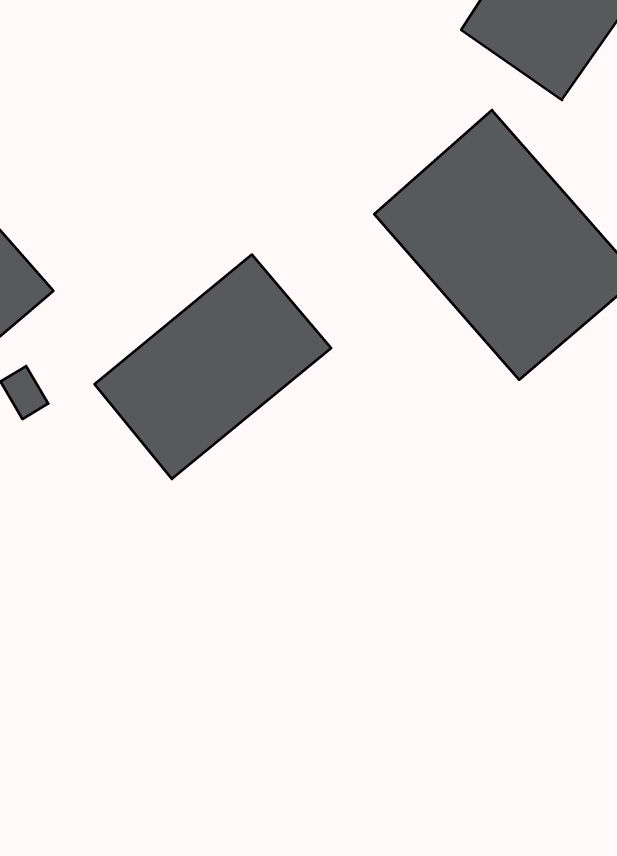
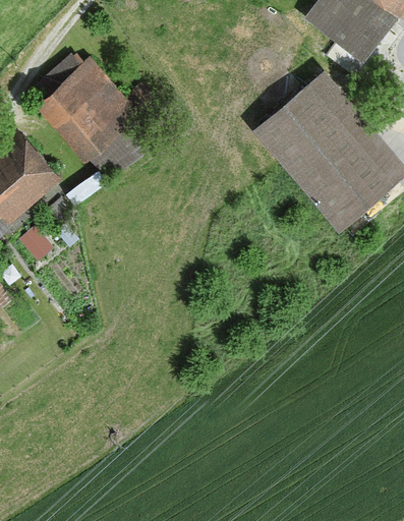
building: none -> [34,53,154,183]
building: [95,255,331,479] -> none

